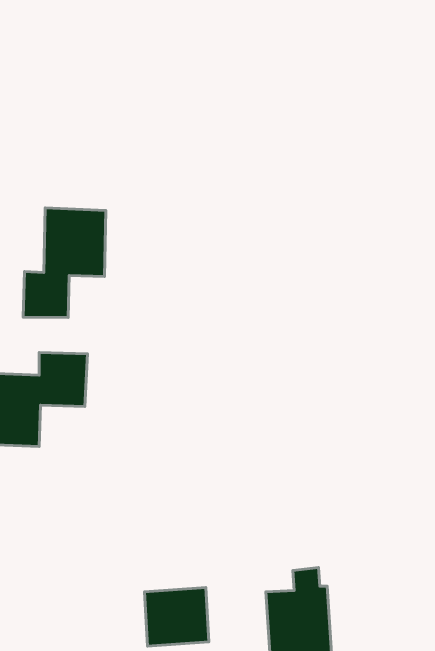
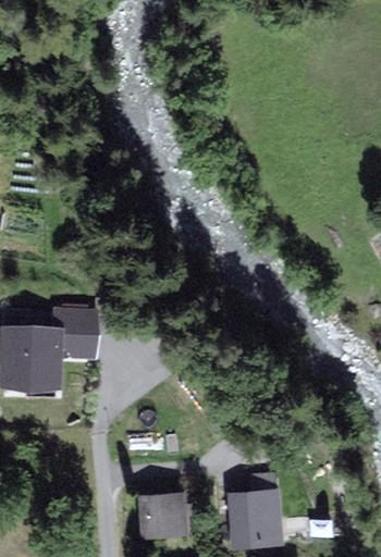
building: [23,208,106,317] -> none

